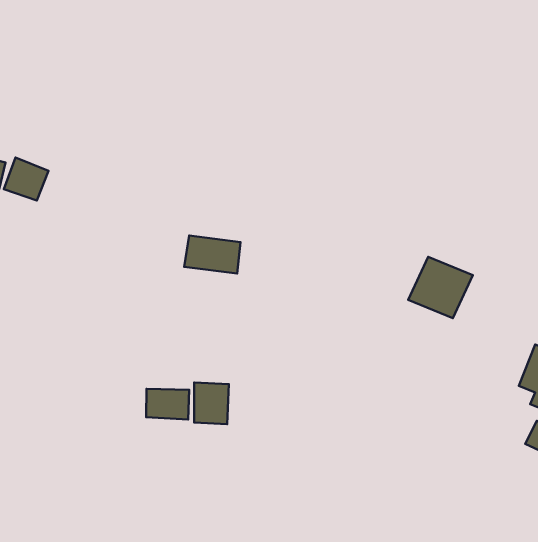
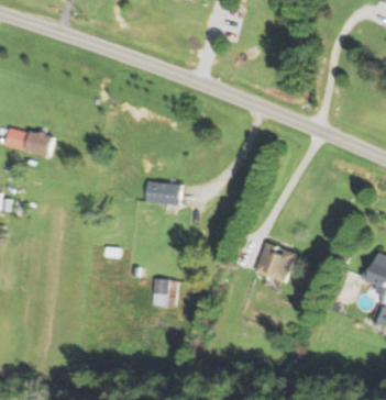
building: [408,257,473,318] -> [254,242,297,282]
building: [146,389,189,419] -> none

